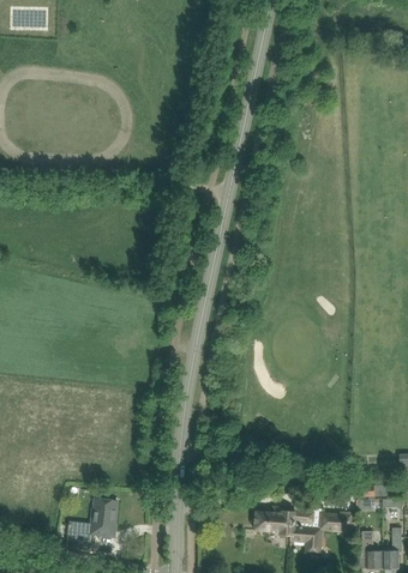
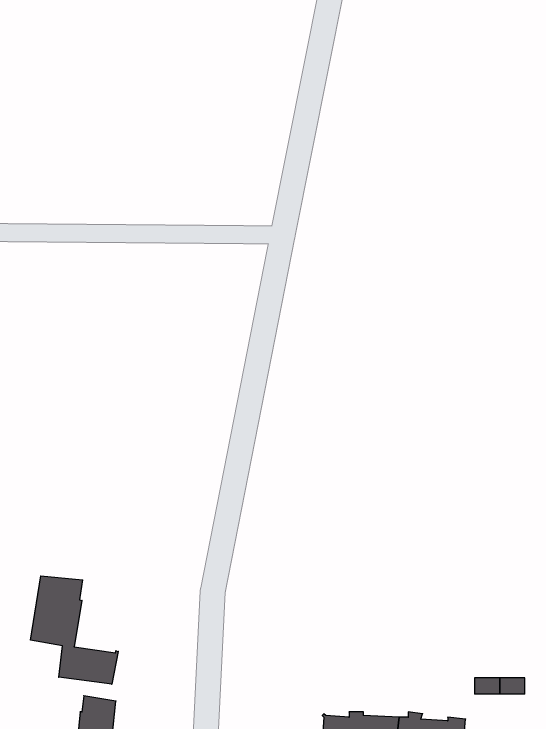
building: none -> [31,576,118,684]

